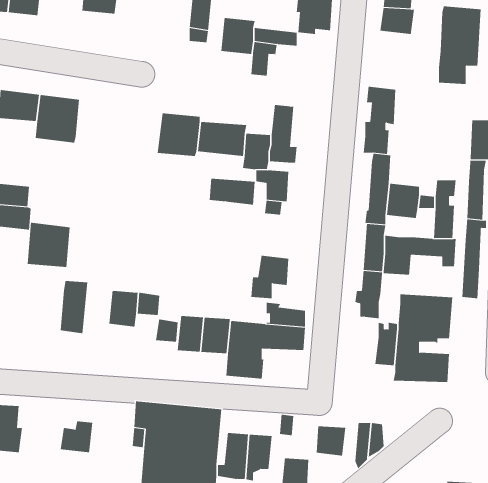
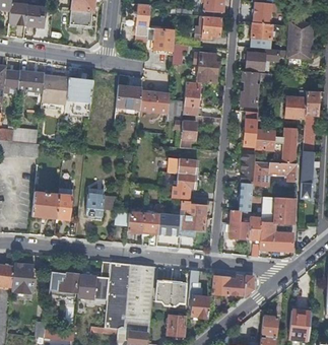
building: none -> [247,48,280,70]
building: none -> [194,52,217,84]
building: none -> [67,78,93,105]
building: none -> [285,90,307,117]
building: [209,178,256,205] -> [169,158,197,175]
building: [27,222,70,267] -> [32,191,59,218]
building: none -> [228,209,250,238]
building: none -> [77,274,96,298]

